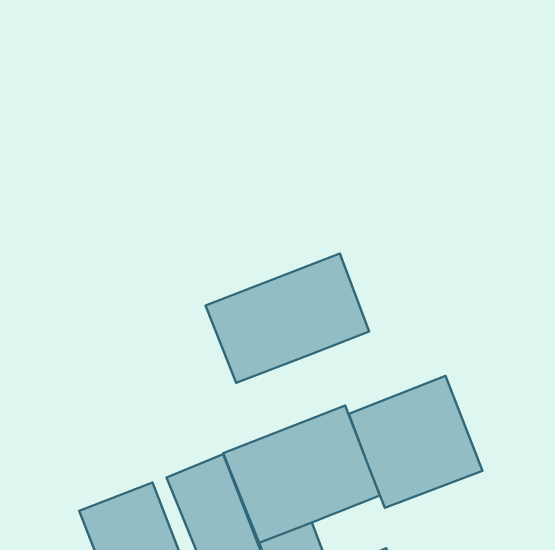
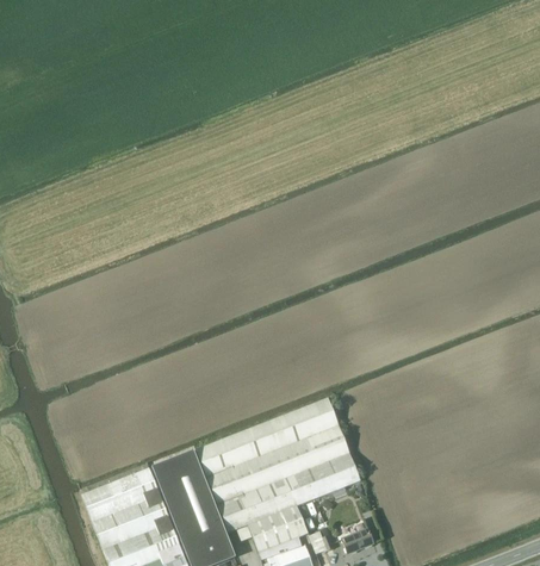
building: [206,253,369,383] -> none
building: [349,376,482,508] -> none

